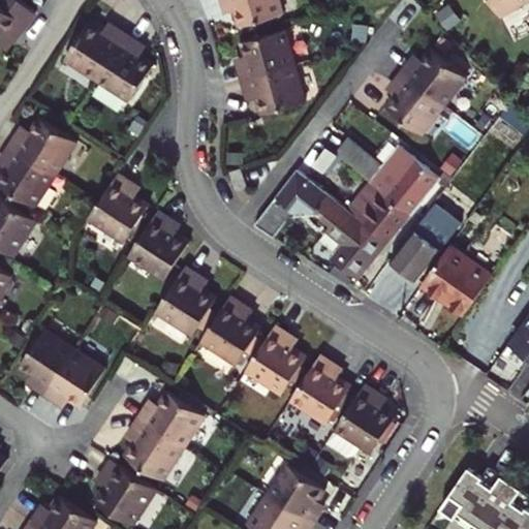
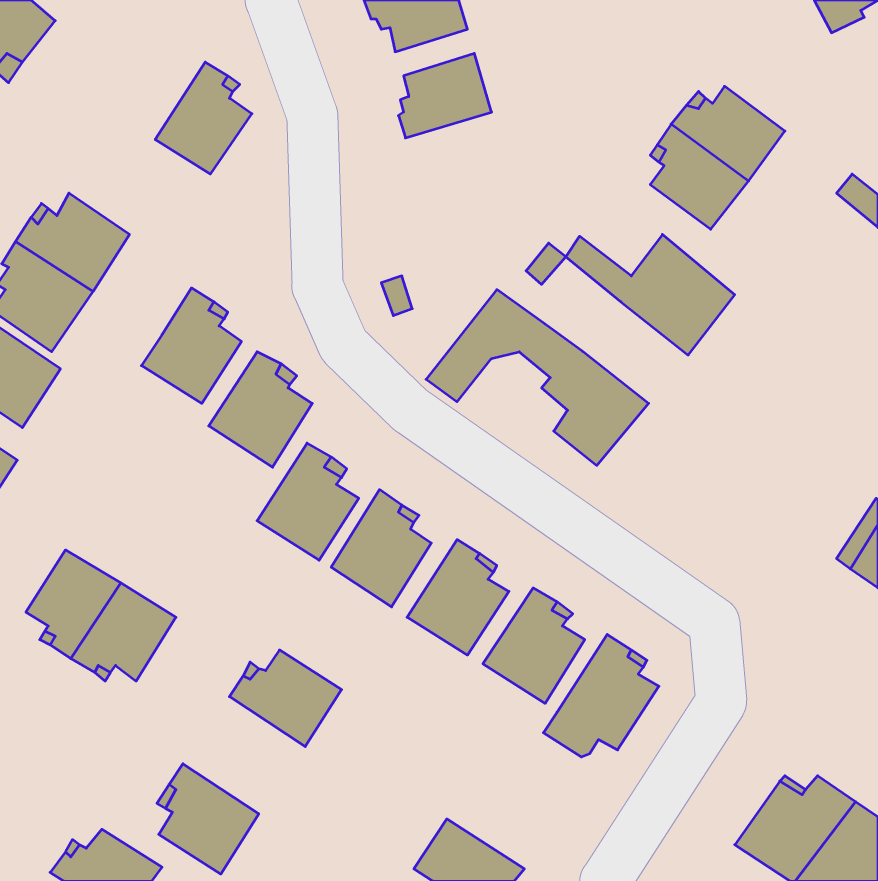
building: [61,25,123,84] -> none
building: [243,67,305,117] -> none
building: [349,181,412,242] -> none
building: [393,211,456,279] -> none
building: [425,251,489,311] -> none
building: [124,417,183,479] -> none
building: [268,460,324,521] -> none

